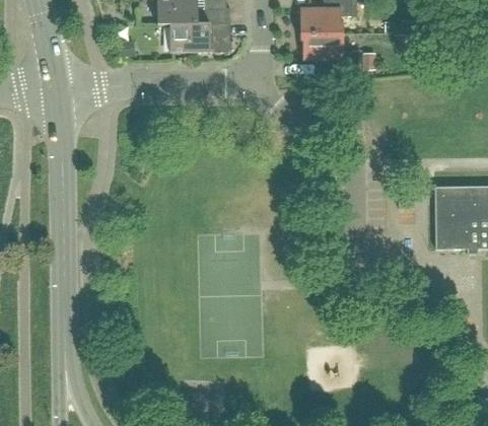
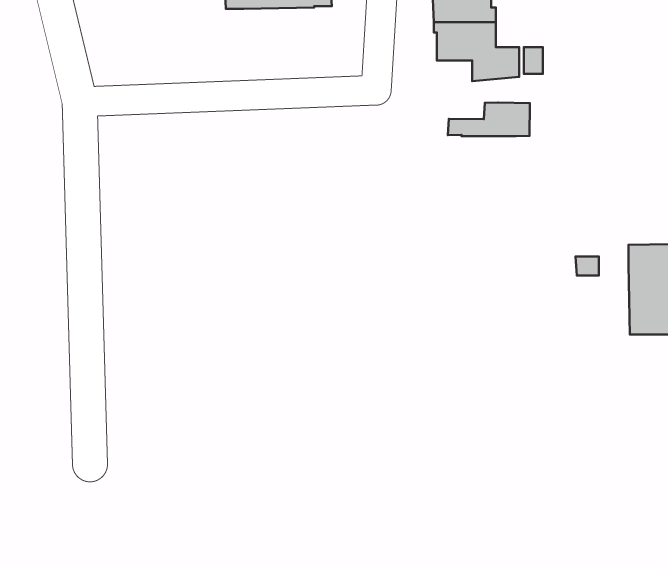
building: [169,22,230,53] -> none
building: none -> [448,103,530,136]

